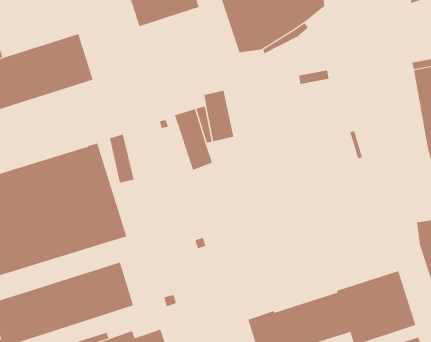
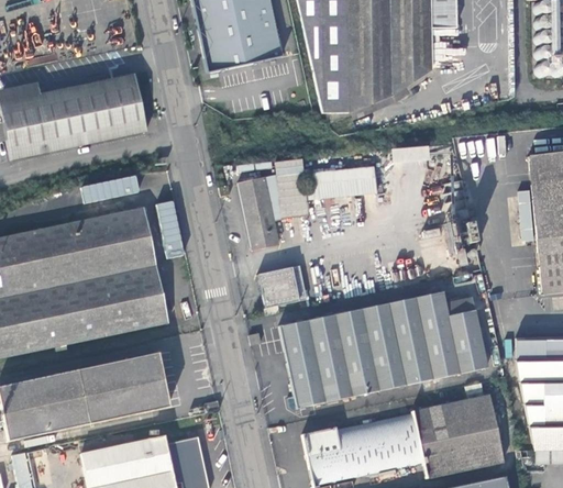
building: none -> [307,166,377,200]
building: none -> [81,174,141,202]
building: none -> [258,267,299,307]
building: none -> [279,291,487,406]

